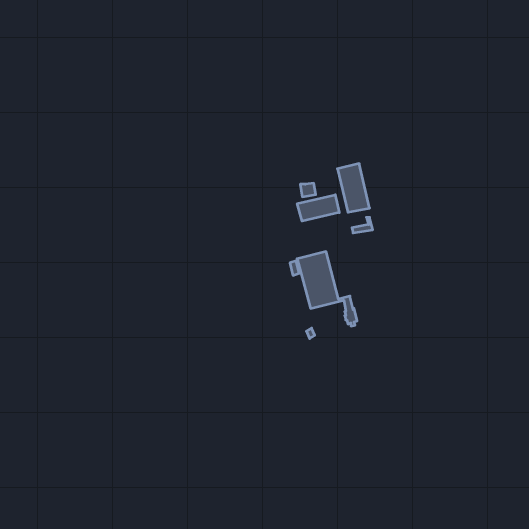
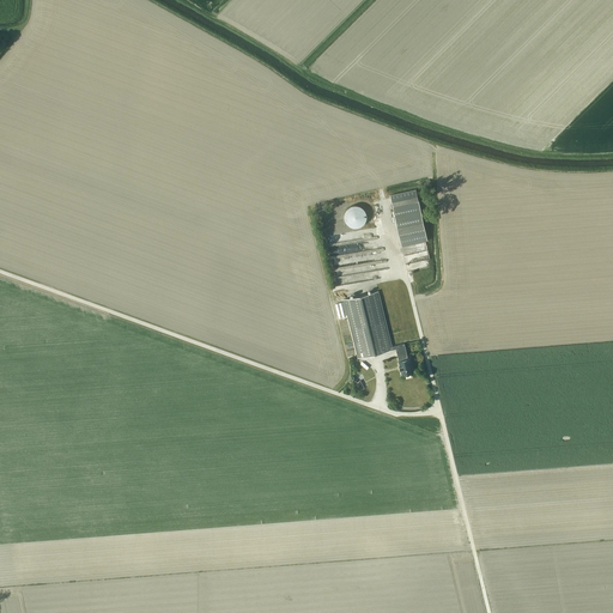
building: [297,195,339,221] -> none

